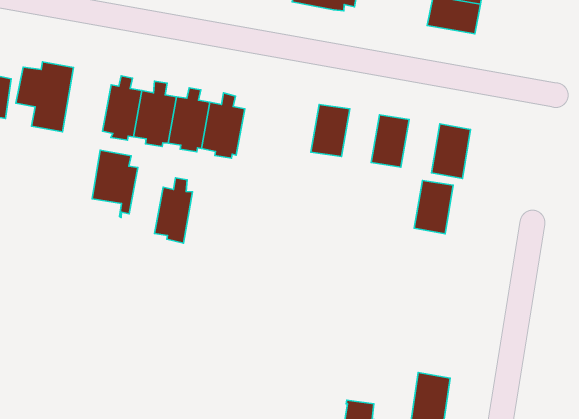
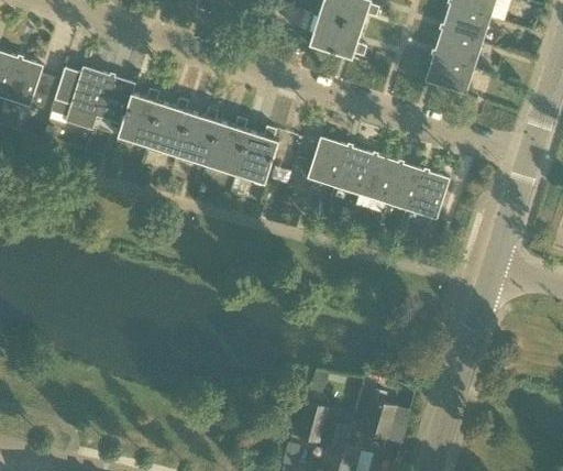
building: none -> [332,146,371,196]
building: [92,150,138,217] -> [95,76,139,138]
building: [155,178,193,243] -> [240,127,278,185]
building: [414,181,453,234] -> [383,163,422,212]

